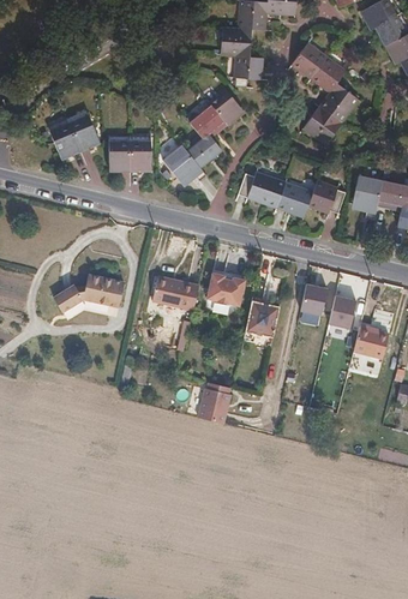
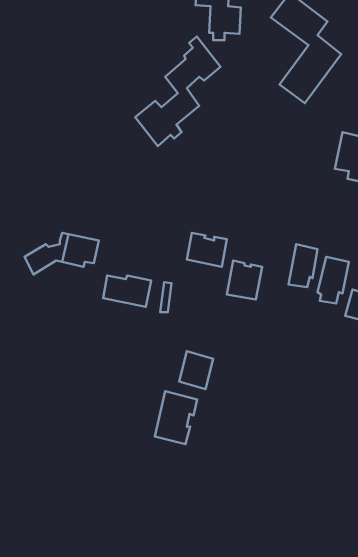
building: [47,110,97,157] -> none
building: [104,139,148,170] -> none
building: [235,169,344,217] -> none
building: [155,276,200,306] -> [103,275,151,307]
building: none -> [155,391,197,444]

